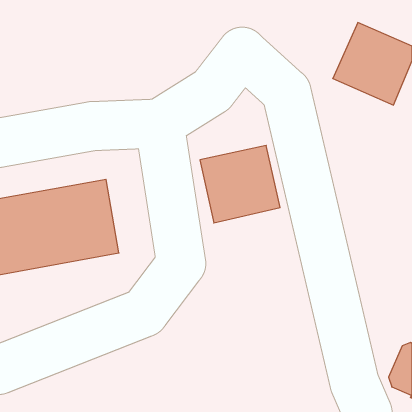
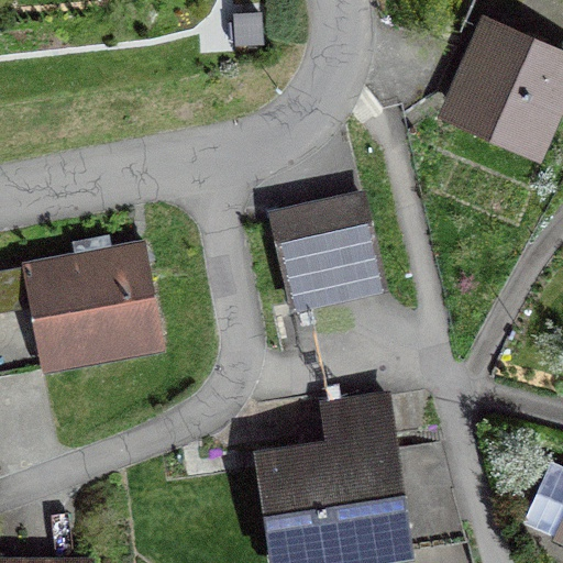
building: none -> [268,396,456,554]

